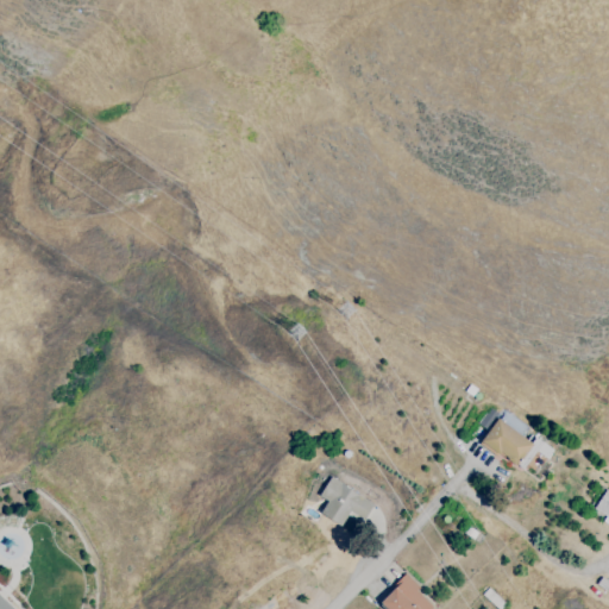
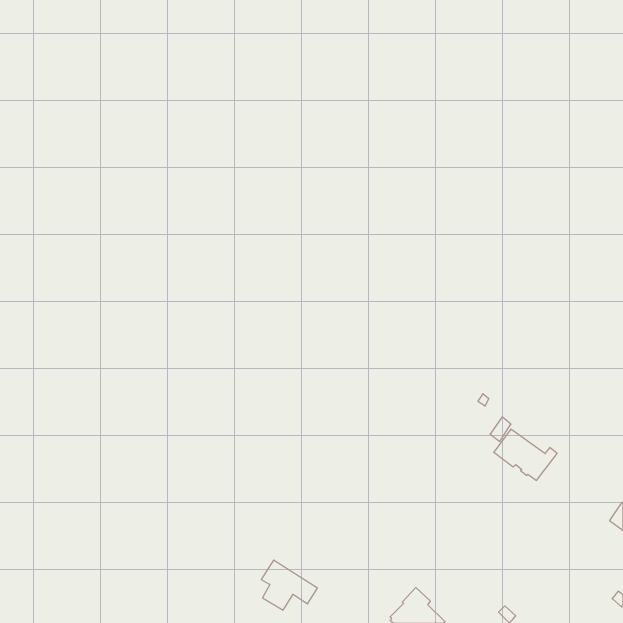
building: [320,477,375,526] -> [261,560,317,610]

